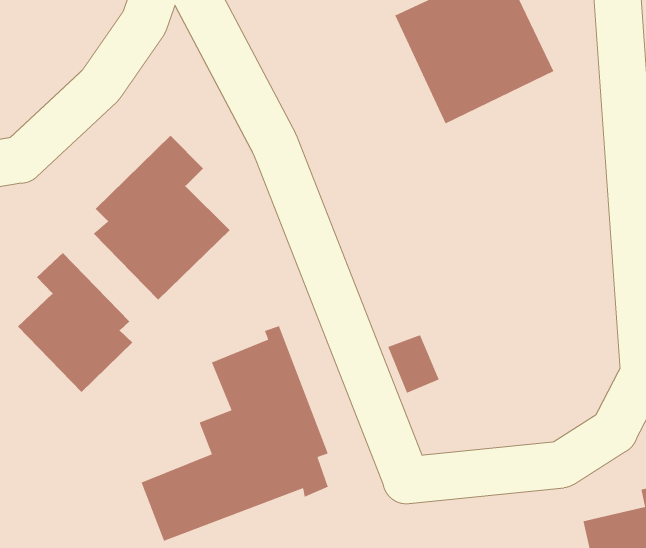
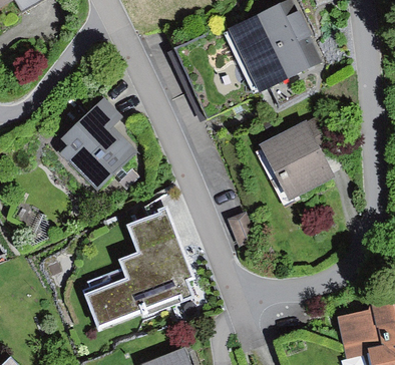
building: none -> [258,117,336,197]
building: [17,252,133,393] -> none

